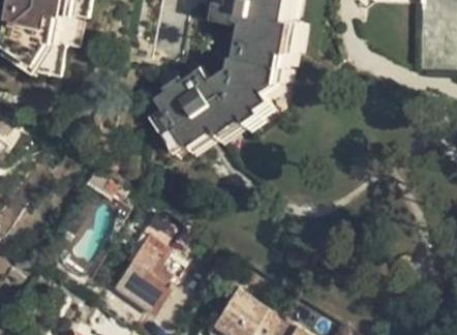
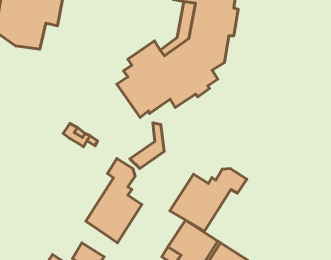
building: none -> [130,123,164,169]
building: none -> [170,169,247,231]

